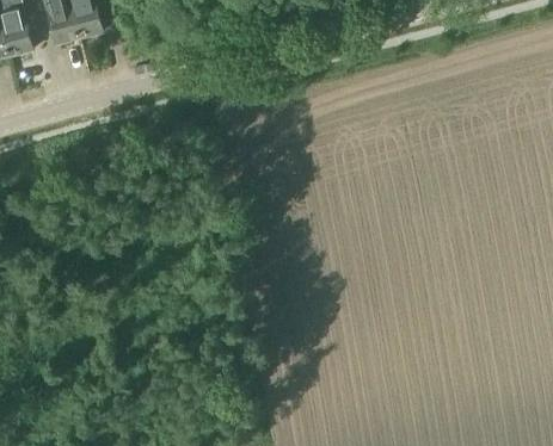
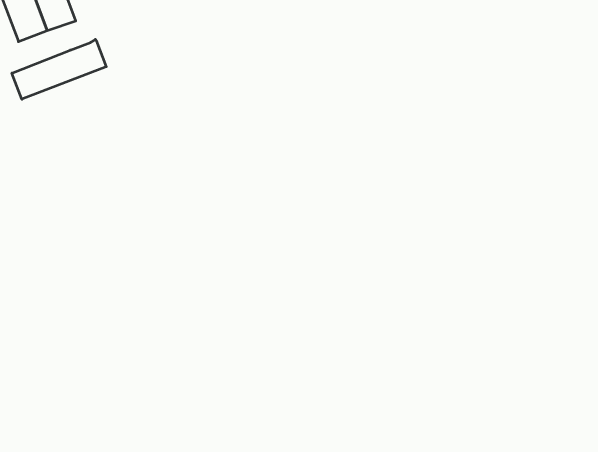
building: none -> [12,39,106,99]

